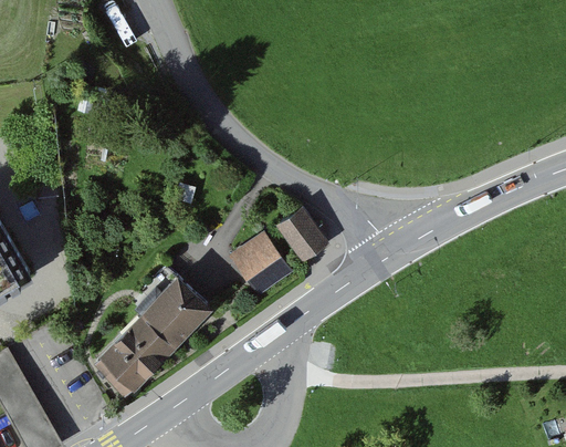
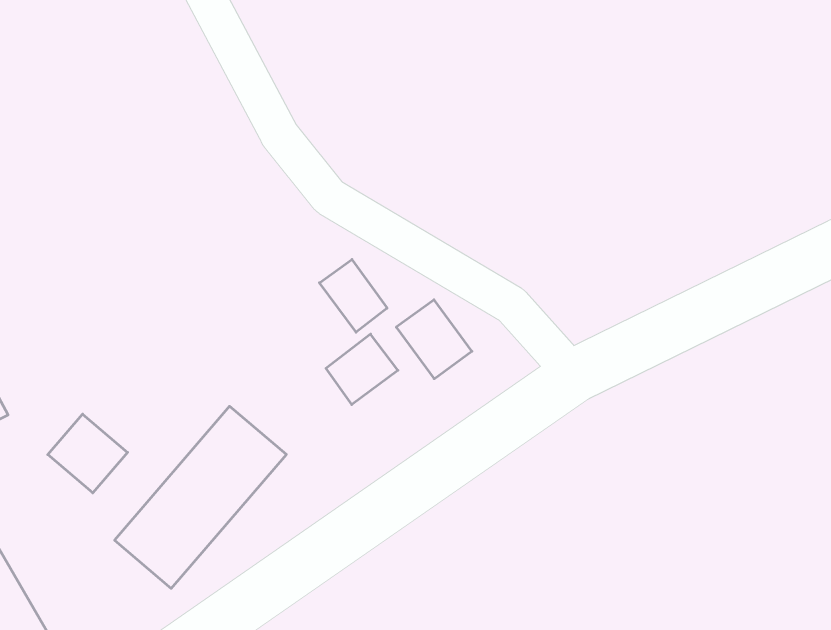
building: none -> [319,259,387,332]
building: none -> [48,414,128,493]

